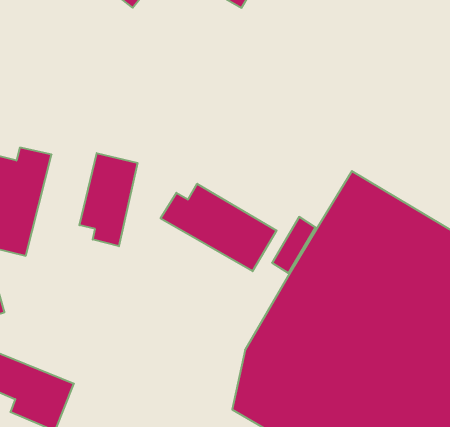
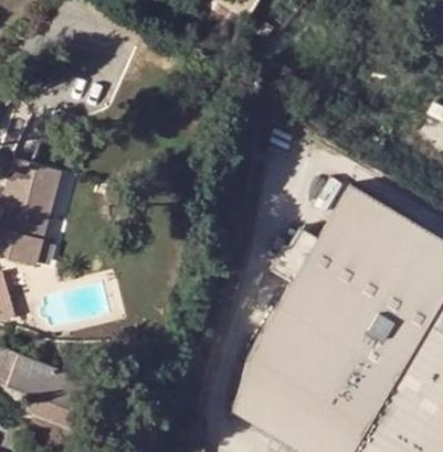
building: [79,153,138,246] -> none
building: [161,184,277,271] -> none

